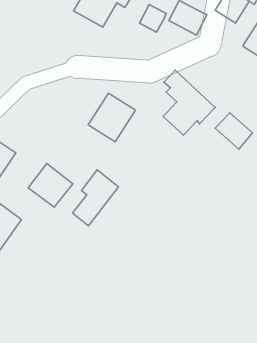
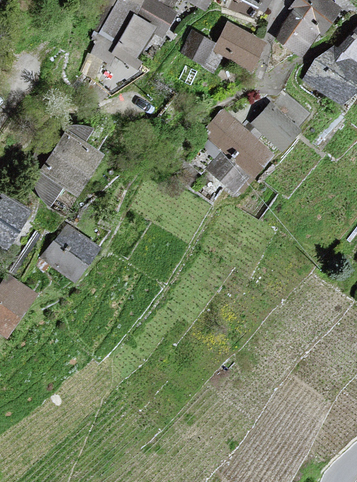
building: [88,93,135,142] -> [42,133,100,193]
building: [215,113,253,149] -> [254,105,300,150]
building: [73,170,118,226] -> none

